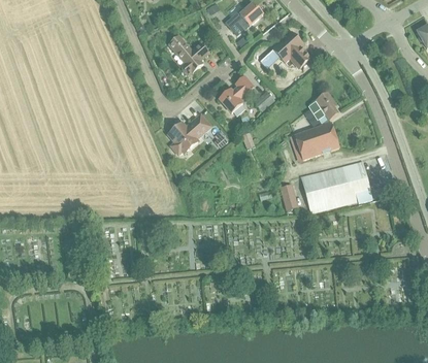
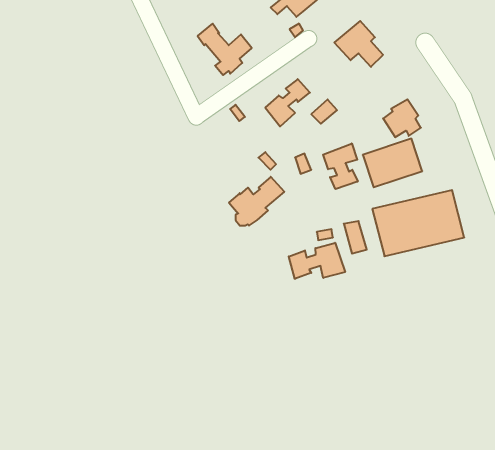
building: [168,114,210,152] -> [229,177,284,226]
building: none -> [323,143,358,189]
building: none -> [289,243,345,279]

